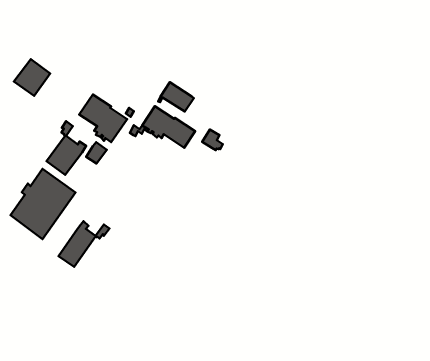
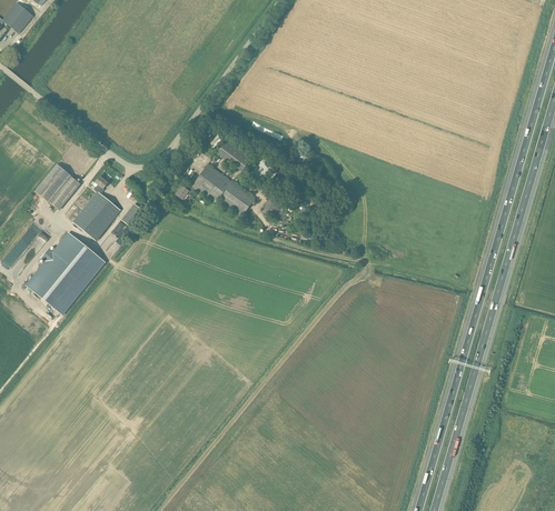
building: [14,59,50,96] -> [34,163,79,208]
building: [79,95,127,142] -> none
building: [59,221,110,267] -> none

